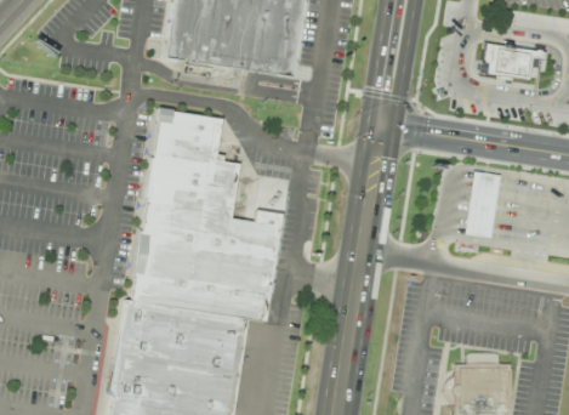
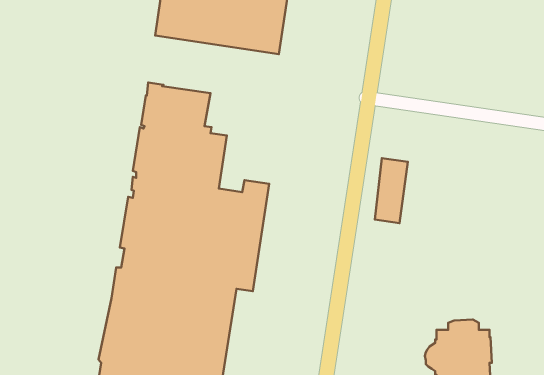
building: [479,40,545,79] -> none
building: [468,170,502,237] -> [375,158,408,223]

